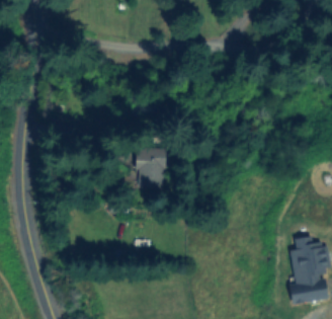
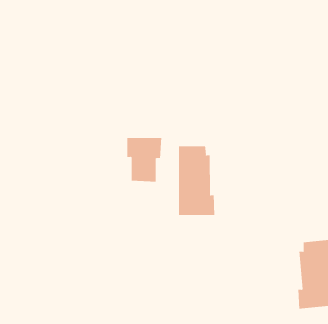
building: none -> [178,145,215,216]

